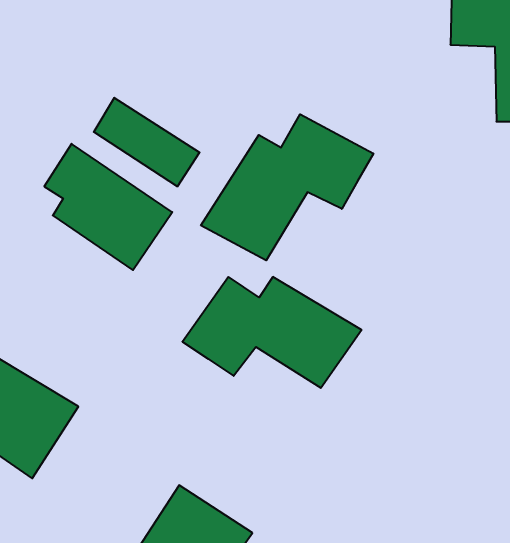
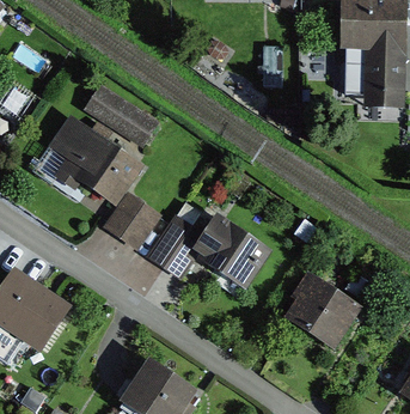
building: [201,114,373,260] -> none
building: none -> [105,195,158,249]
building: none -> [282,272,362,349]

